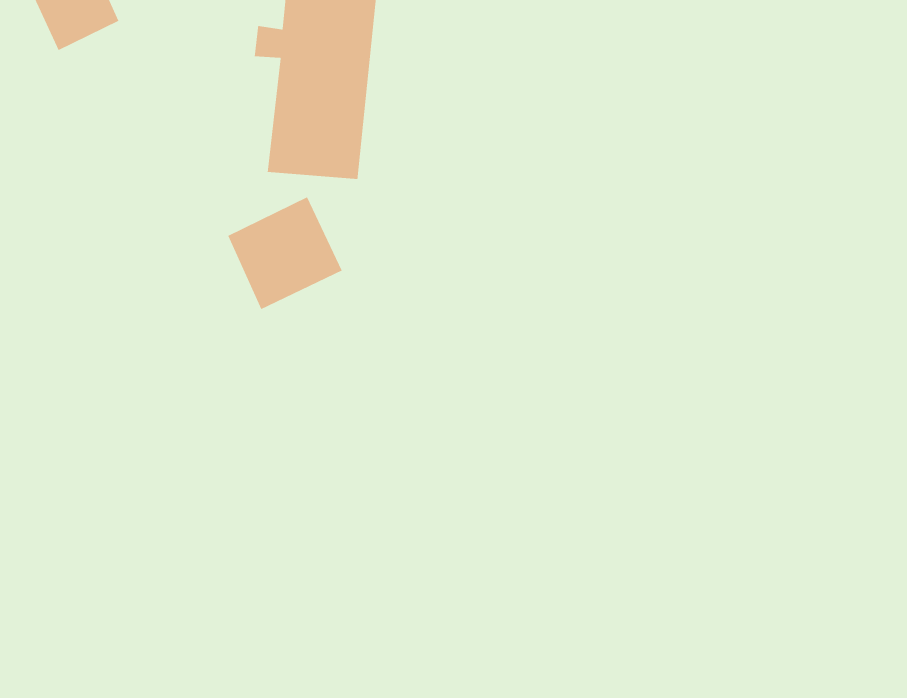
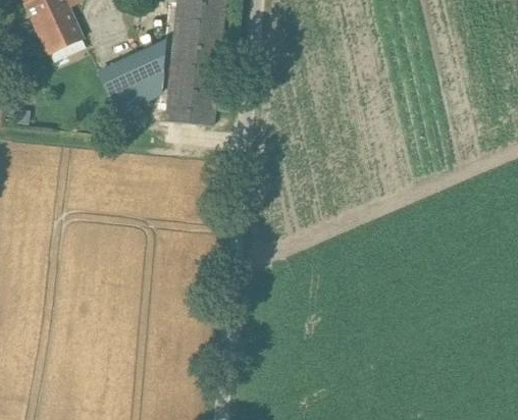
building: [227,196,343,310] -> [99,50,162,112]

